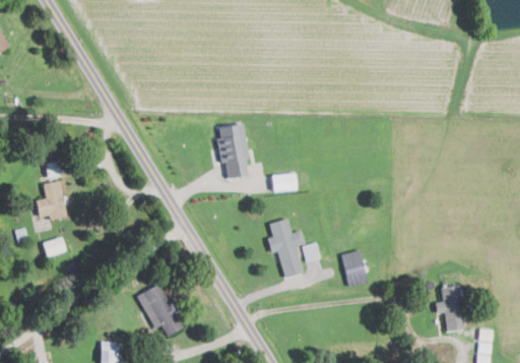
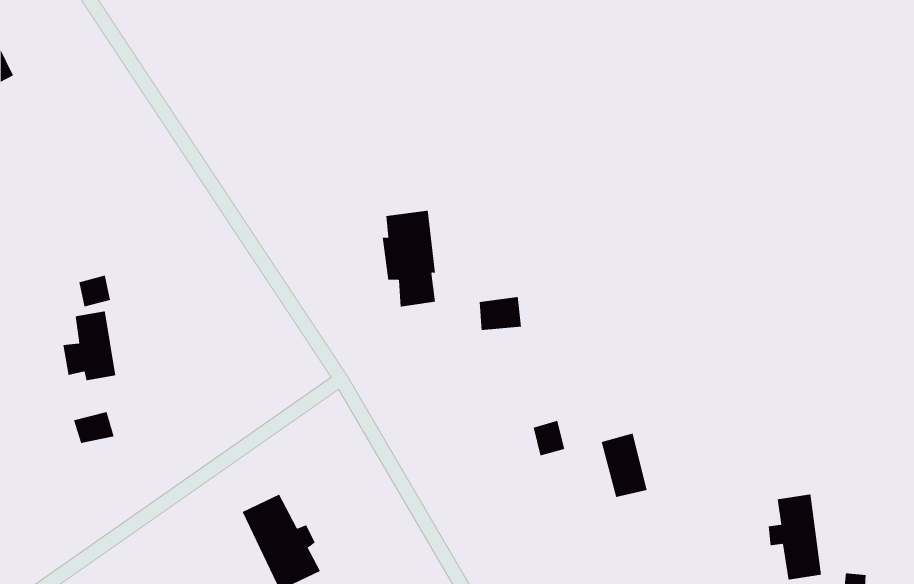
building: [268,219,305,277] -> none

